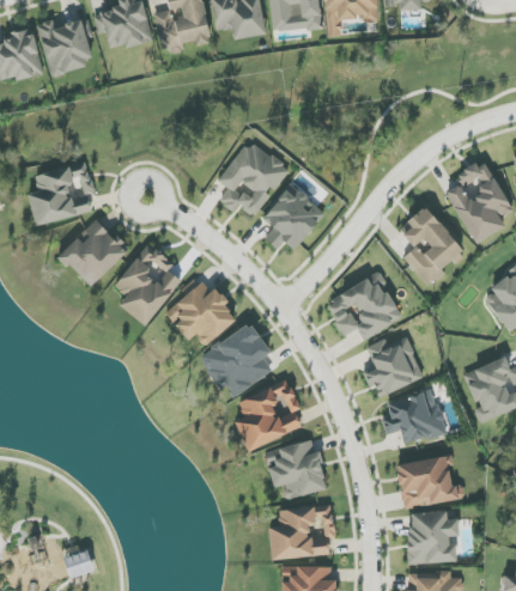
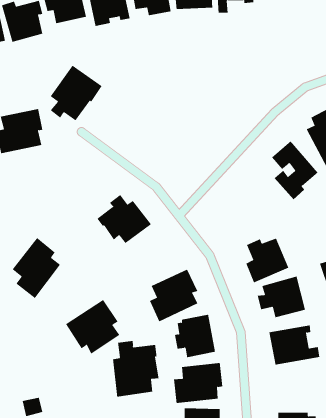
building: [219,139,290,214] -> [50,65,103,121]
building: [263,182,326,250] -> none
building: [60,219,129,286] -> none
building: [115,242,181,324] -> [12,237,61,299]
building: [326,272,402,339] -> none
building: [199,322,273,396] -> [65,299,120,354]
building: none -> [113,340,159,397]
building: [407,510,460,562] -> none

